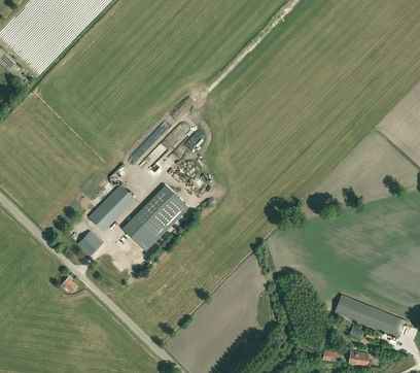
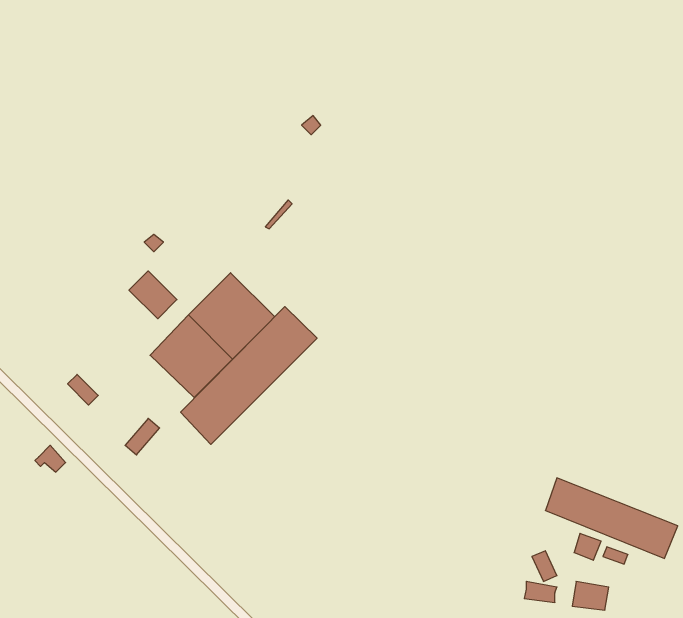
building: [89,194,127,232] -> none
building: none -> [181,307,317,444]

